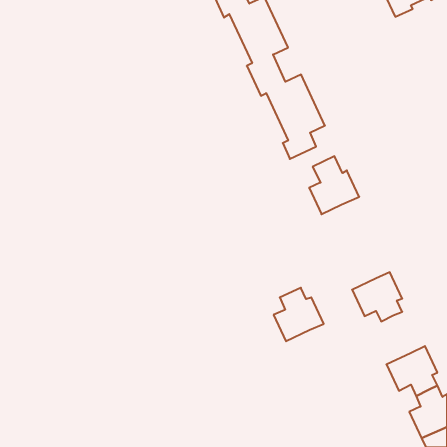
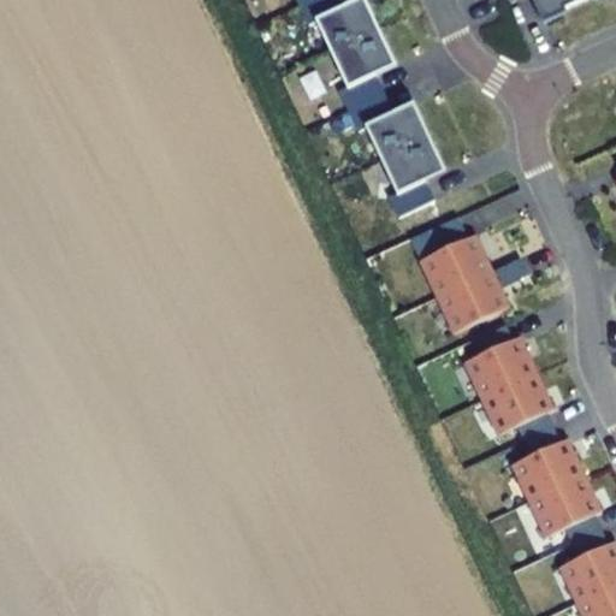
building: none -> [440,256,528,330]
building: [274,288,324,341] -> [466,324,534,397]
building: none -> [513,427,582,499]

